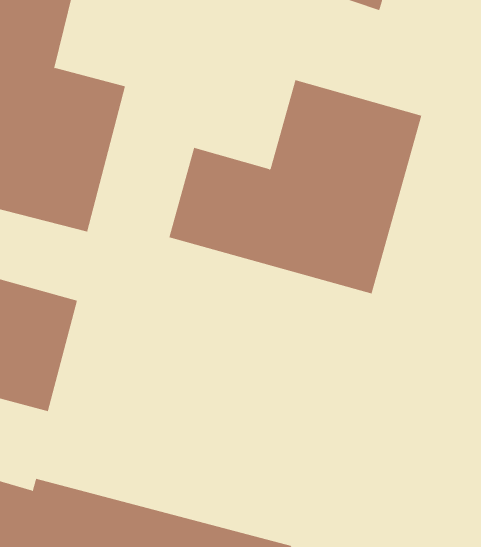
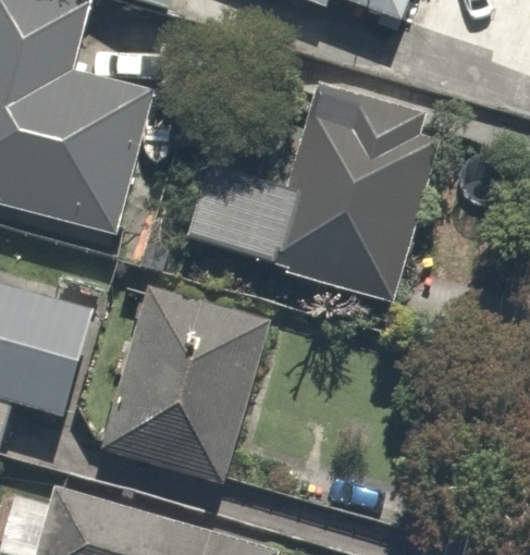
building: none -> [102,294,264,477]

